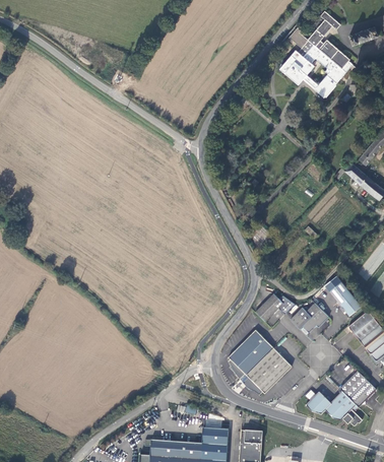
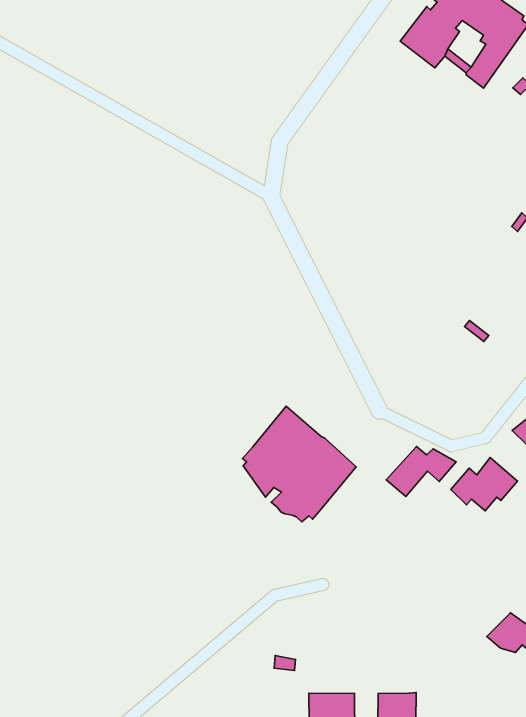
building: [229,329,292,394] -> [243,406,356,522]

